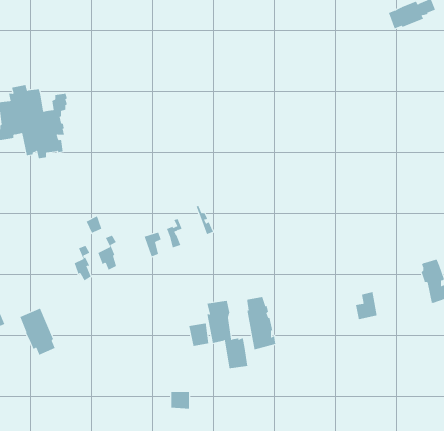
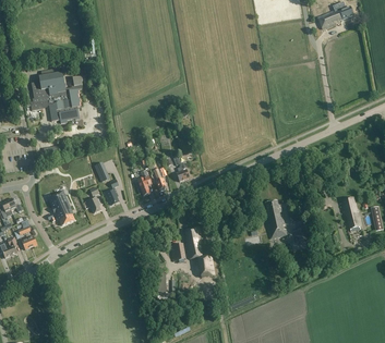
building: [246,297,276,350] -> [265,199,287,238]
building: [20,308,55,356] -> [48,189,74,224]

